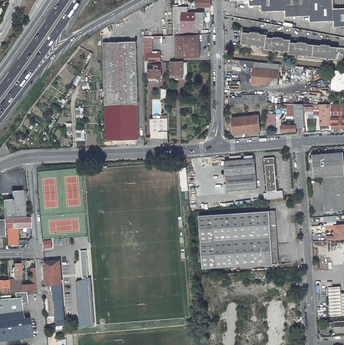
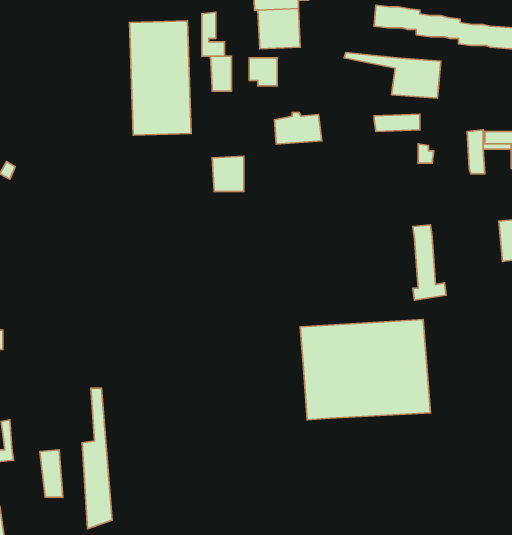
building: [104,105,138,140] -> none
building: [232,115,259,133] -> [274,113,322,144]
building: [224,158,257,191] -> none
building: [43,260,62,284] -> none

